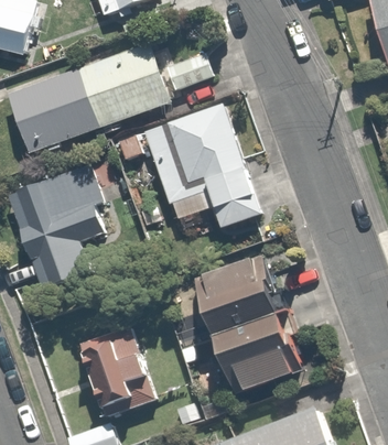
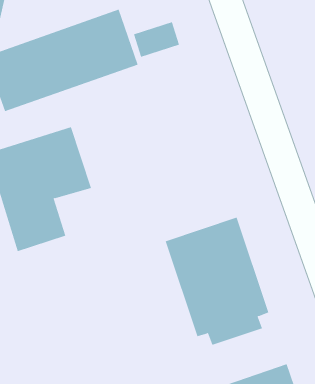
building: [141,105,262,227] -> none
building: [77,323,159,411] -> none

